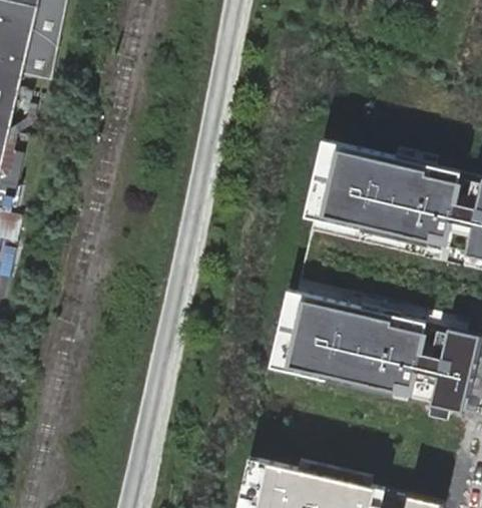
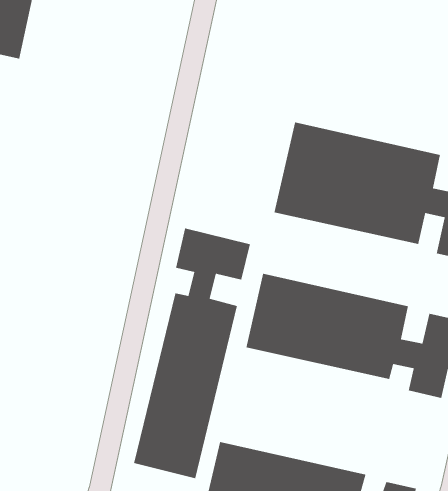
building: none -> [133,228,251,479]

